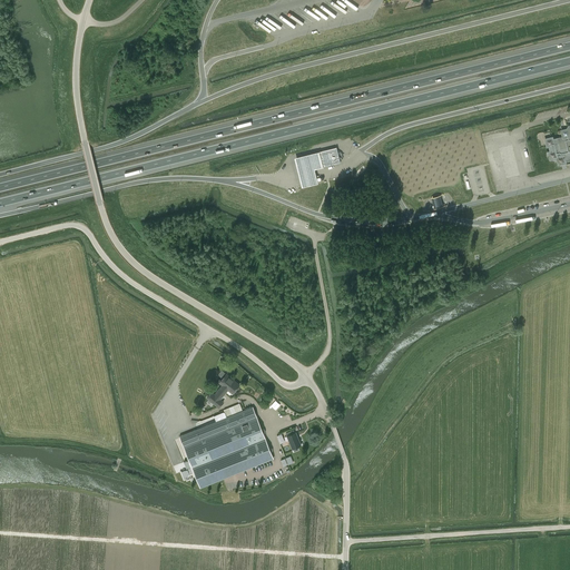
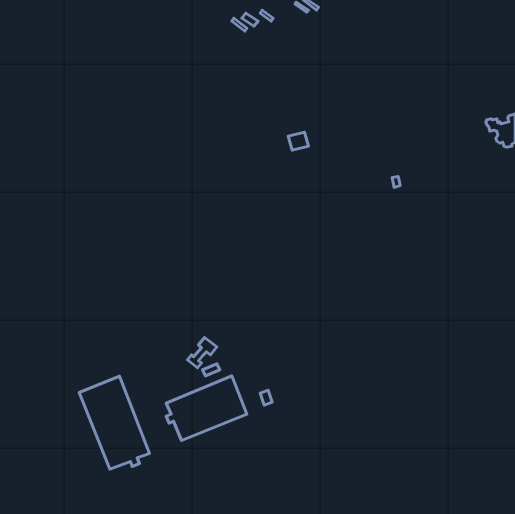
building: [294,150,323,186] -> none
building: none -> [79,376,149,469]

